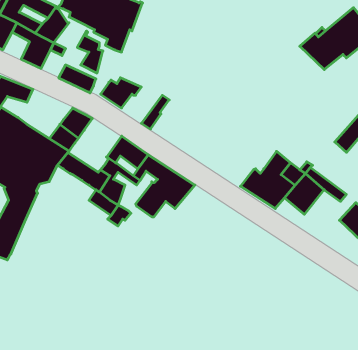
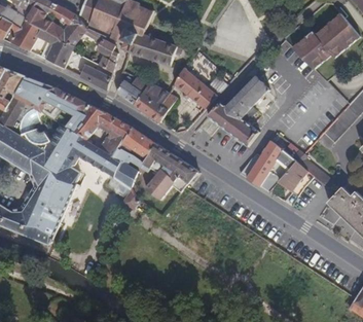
building: none -> [134,35,180,66]
building: none -> [174,69,227,109]
building: none -> [207,71,268,148]
building: none -> [134,84,170,117]
building: none -> [42,87,90,118]
building: none -> [101,113,134,158]
building: none -> [33,169,79,244]

